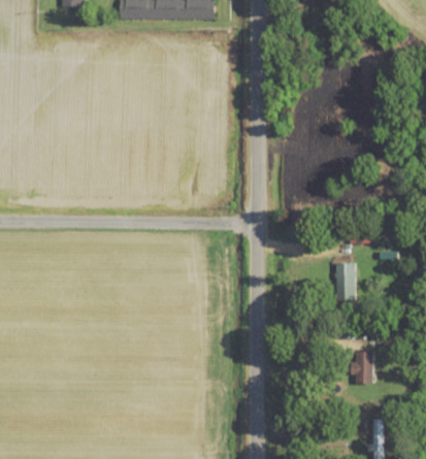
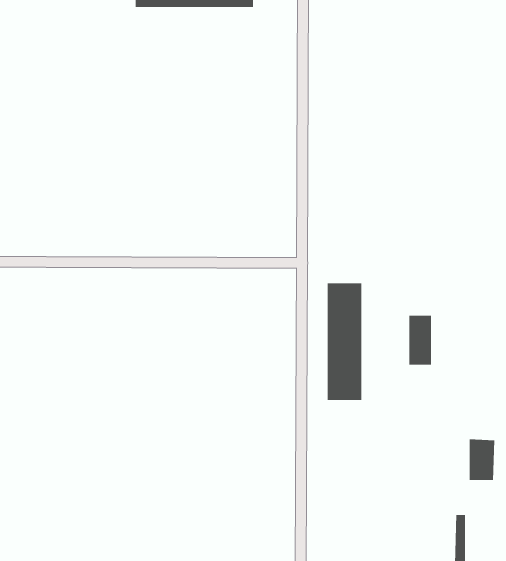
building: none -> [327,282,362,401]
building: [353,351,373,384] -> [469,439,495,481]

